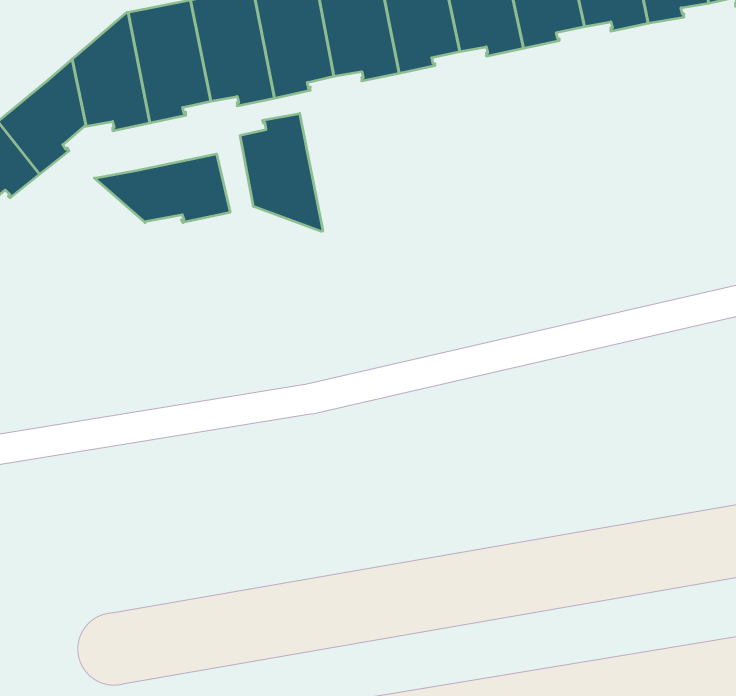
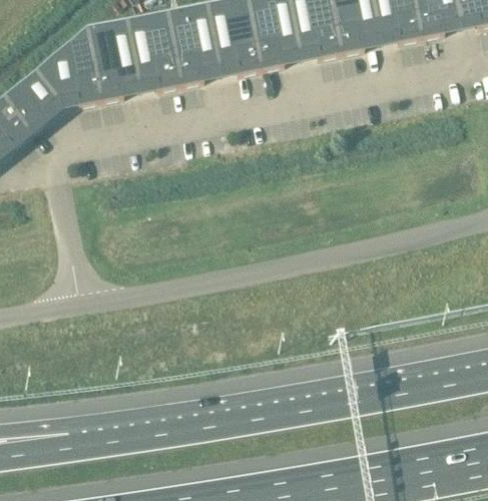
building: [240,113,323,231] -> none
building: [94,154,230,223] -> none

